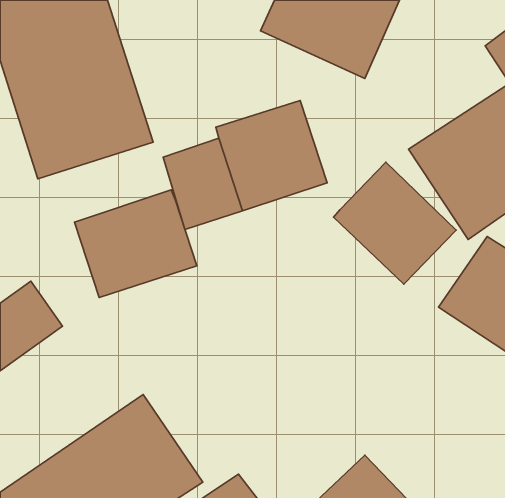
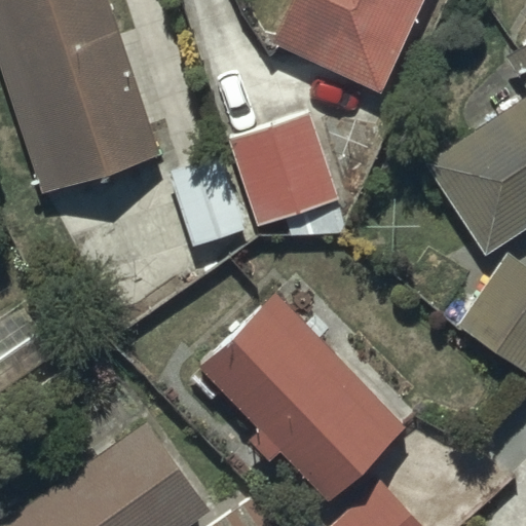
building: [333,162,456,284] -> none
building: [74,190,197,298] -> none
building: none -> [200,294,403,497]

